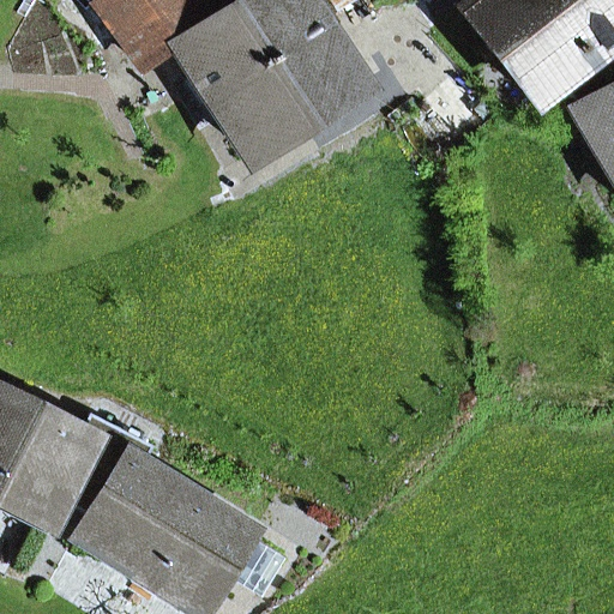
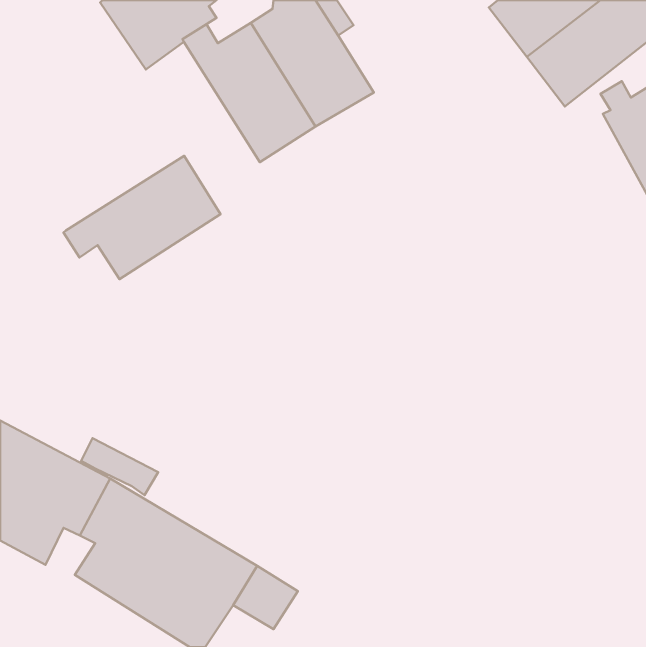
building: none -> [64,156,221,279]

